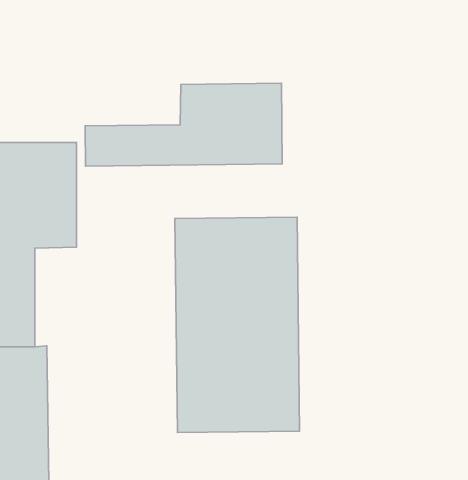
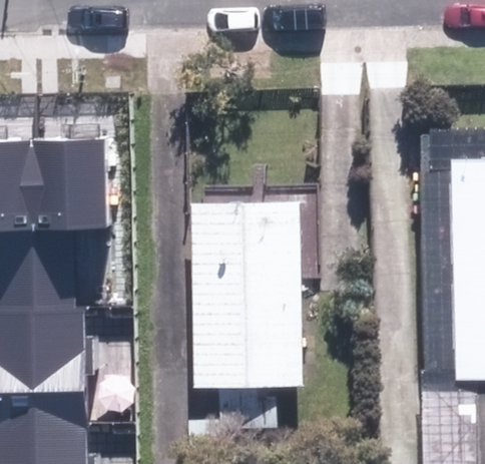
building: [85,83,282,166] -> none

